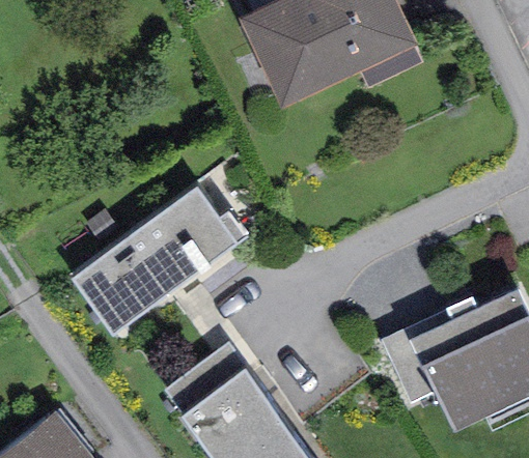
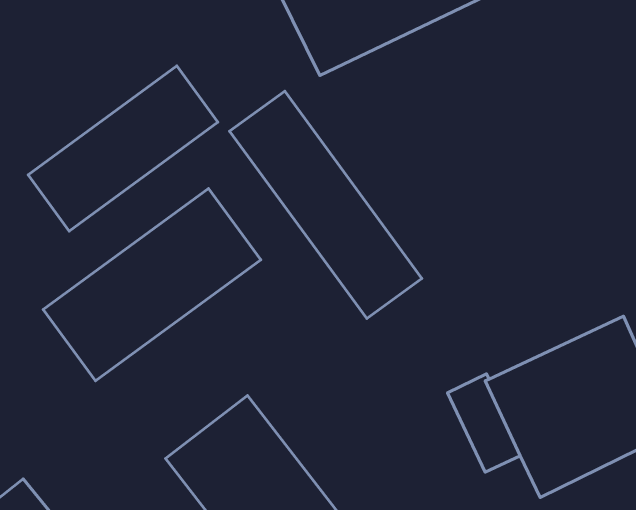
building: none -> [28,66,218,231]
building: none -> [230,91,422,319]

